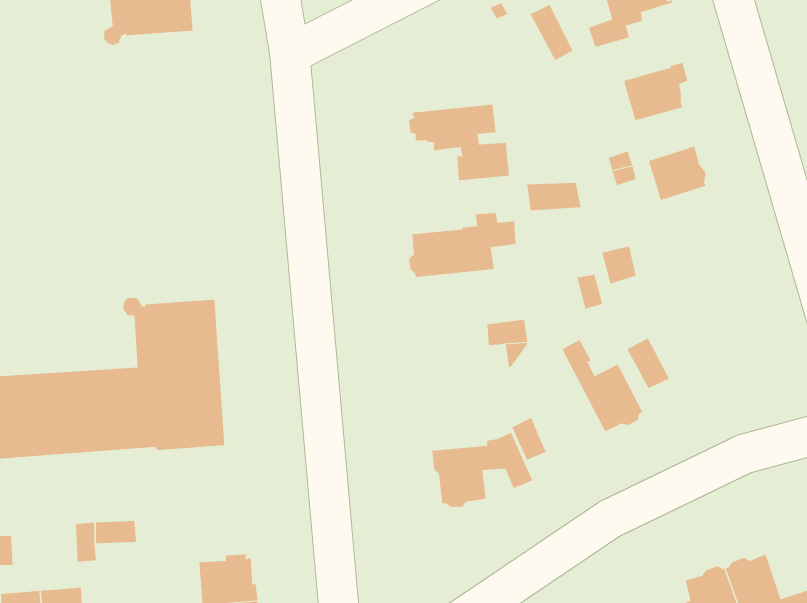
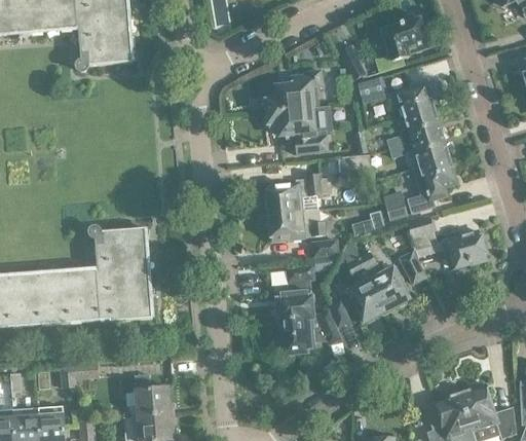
building: none -> [262,71,322,112]
building: none -> [358,76,388,104]
building: none -> [404,109,441,142]
building: none -> [407,157,455,213]
building: none -> [266,209,325,241]
building: none -> [407,217,487,268]
building: none -> [346,258,385,322]
building: none -> [274,266,313,321]

